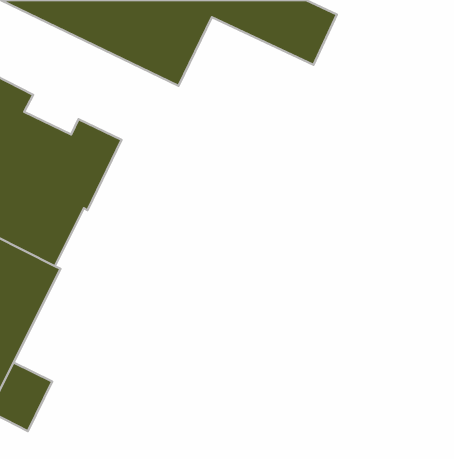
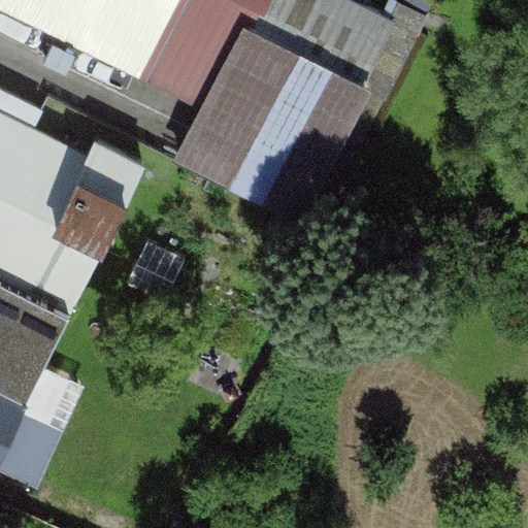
building: none -> [175,22,359,208]

